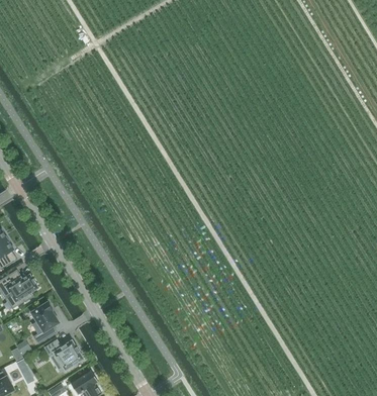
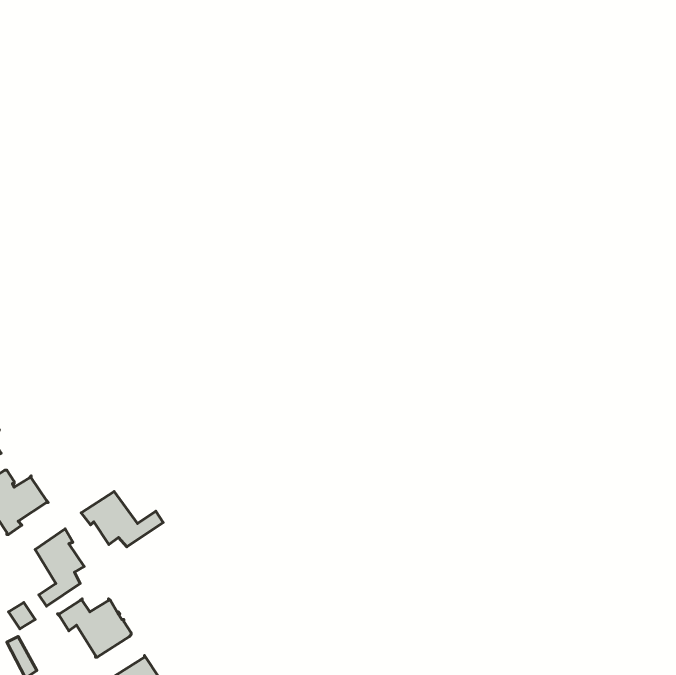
building: none -> [81,491,163,547]

